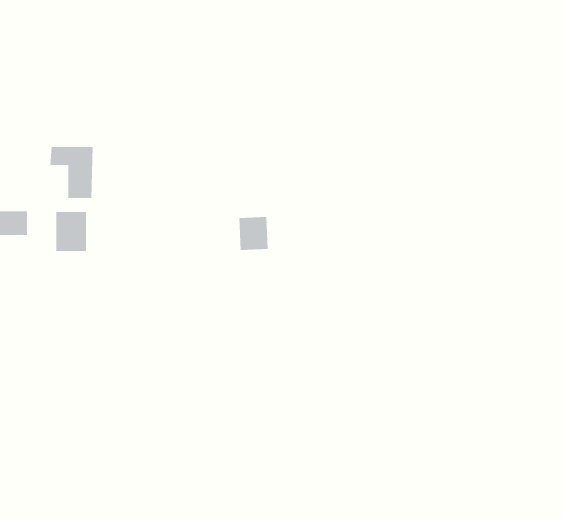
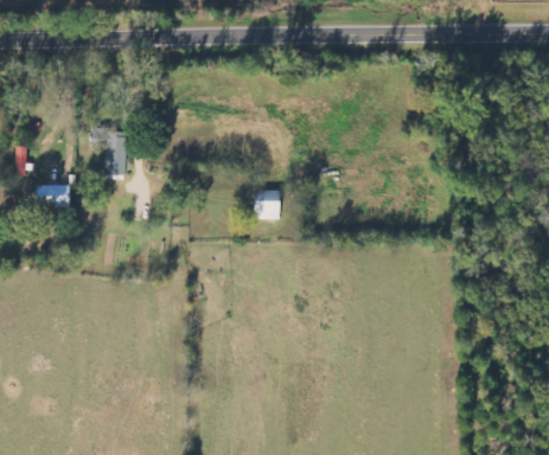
building: [56,211,87,252] -> none

